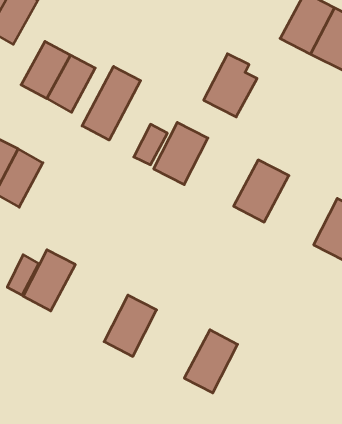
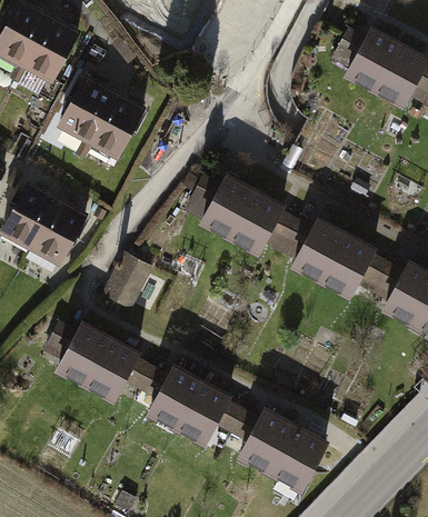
building: [204,54,257,117] -> [239,189,299,260]
building: [82,66,141,140] -> none
building: none -> [329,231,390,304]
building: none -> [99,251,153,310]
building: none -> [89,331,150,398]
building: none -> [181,382,241,449]
building: none -> [271,421,336,494]

